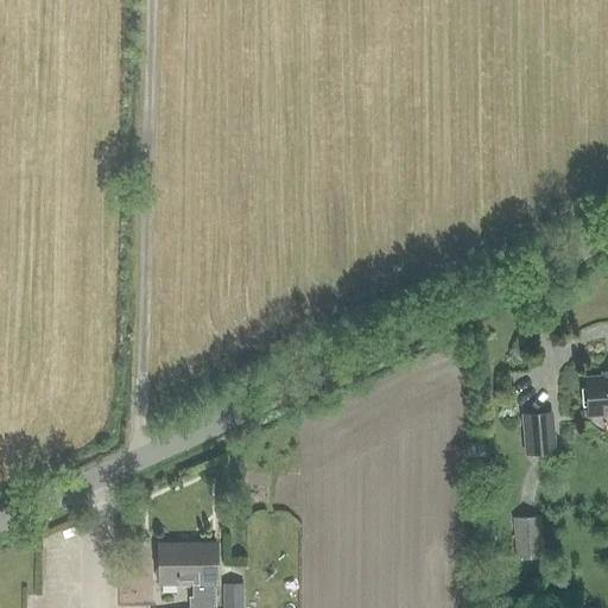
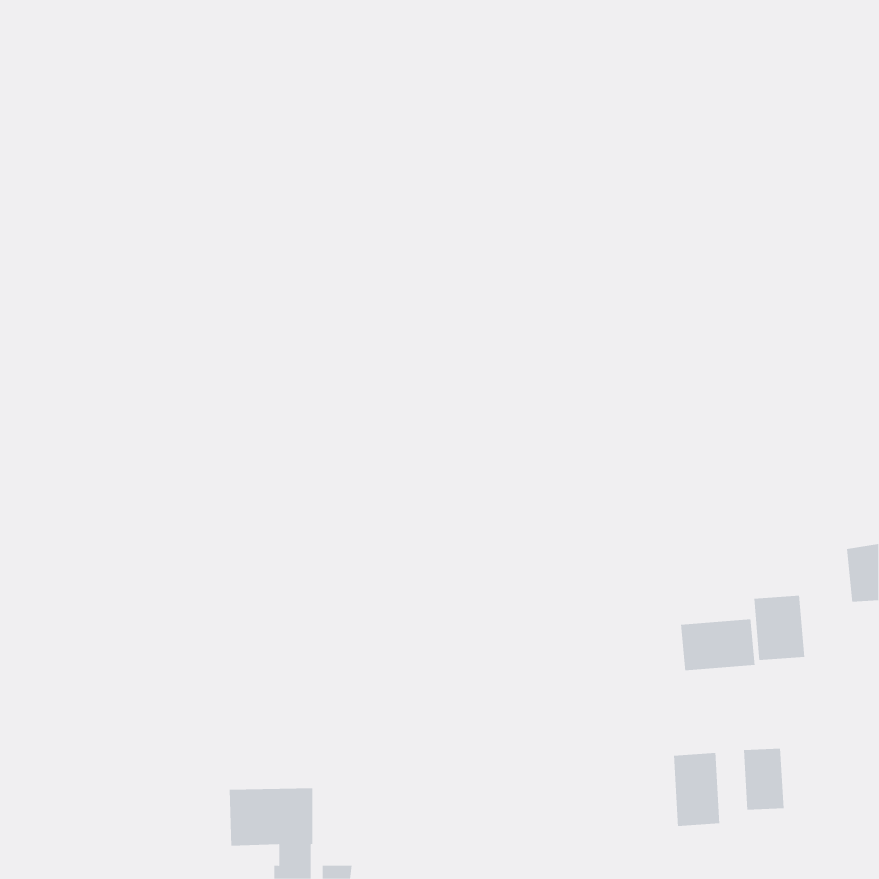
building: none -> [680,618,755,671]
building: none -> [674,752,720,827]

